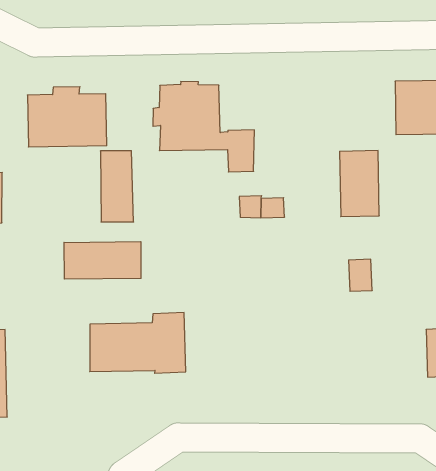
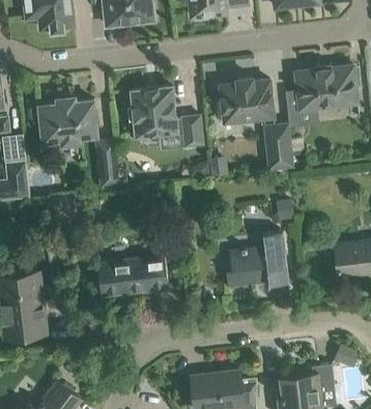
building: none -> [220,77,274,124]
building: [64,242,141,279] -> none
building: none -> [226,231,288,285]

